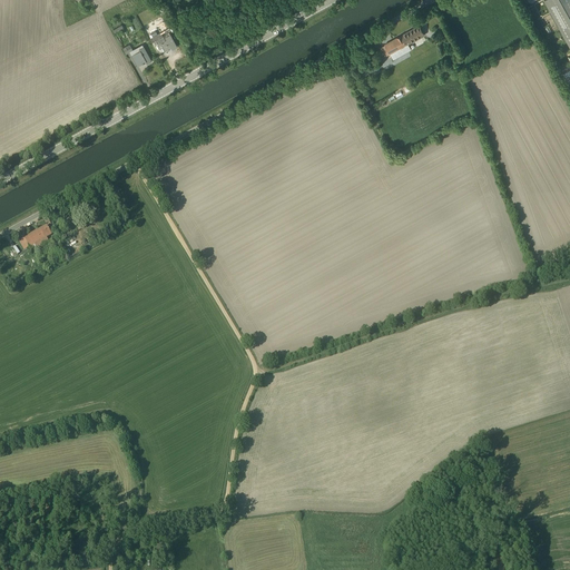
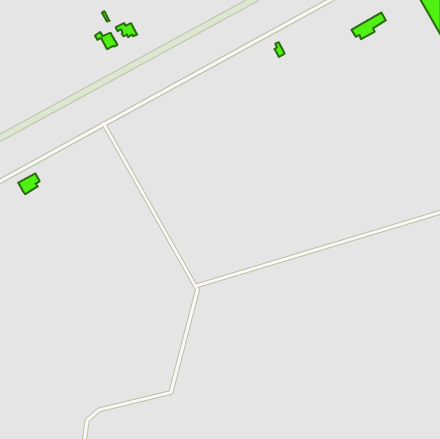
building: [381,22,425,57] -> [351,13,386,39]

